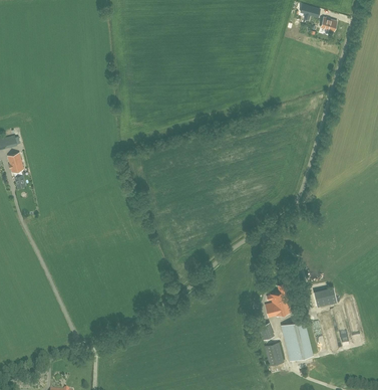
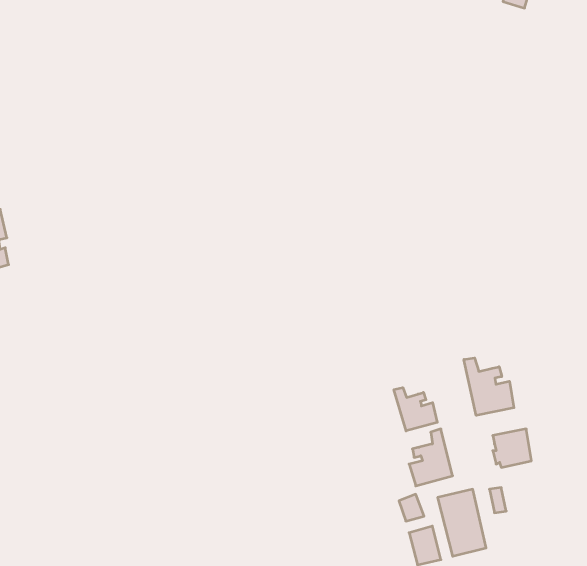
building: none -> [464,358,514,415]
building: none -> [394,388,437,431]

